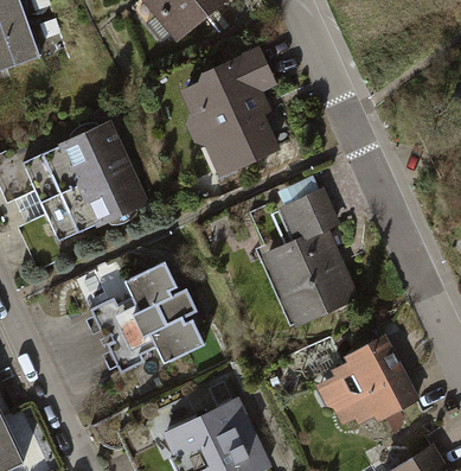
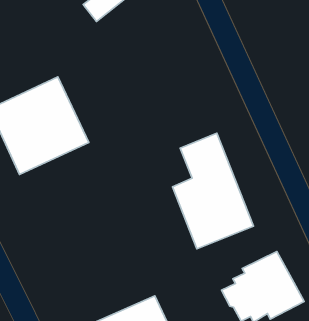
building: [169,51,274,186] -> none
building: [83,256,201,370] -> none

